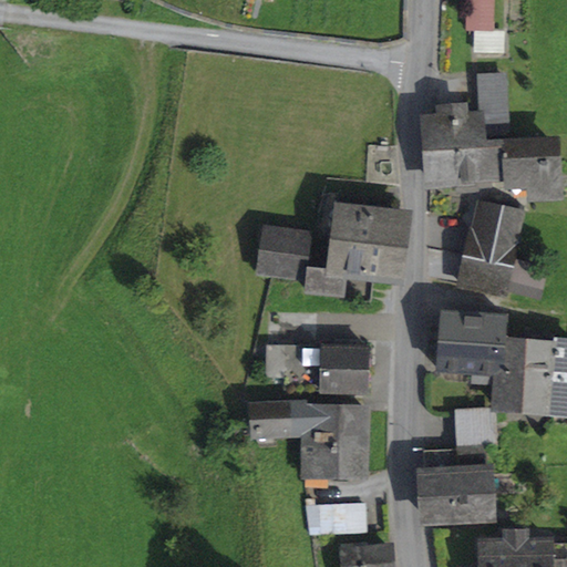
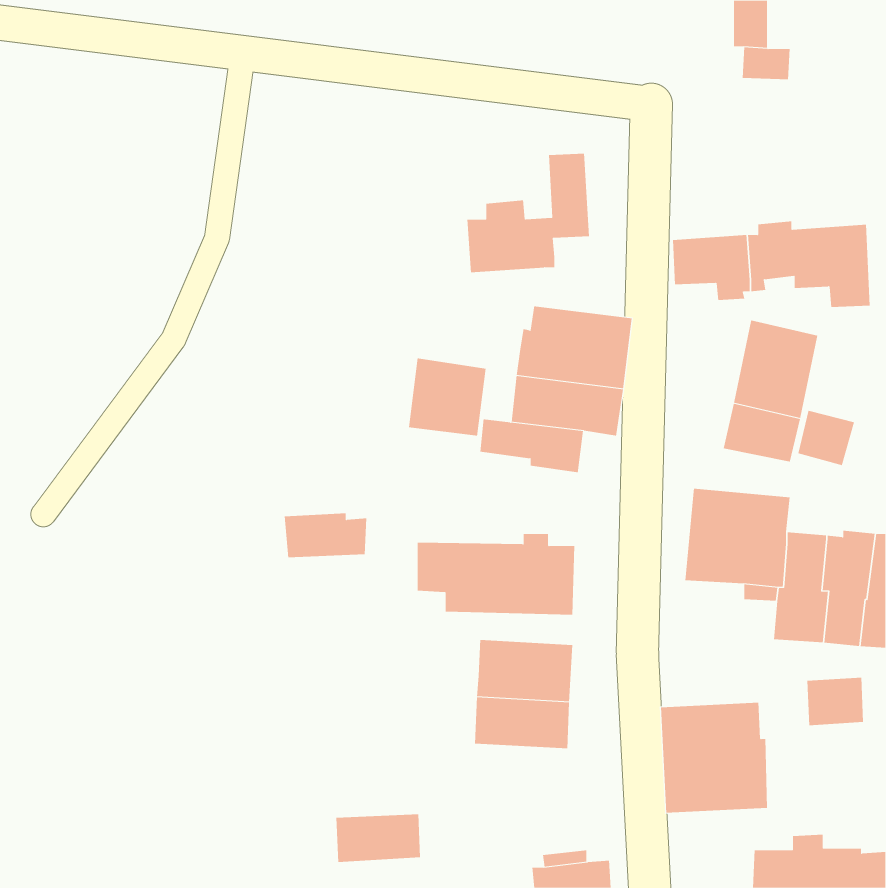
building: [426,76,505,153] -> [467,153,590,273]
building: [252,404,306,433] -> [284,513,367,558]
building: [455,414,492,445] -> [807,677,864,726]
building: [309,505,363,536] -> [336,814,421,863]

